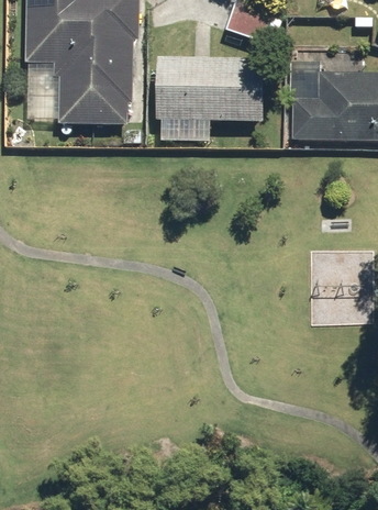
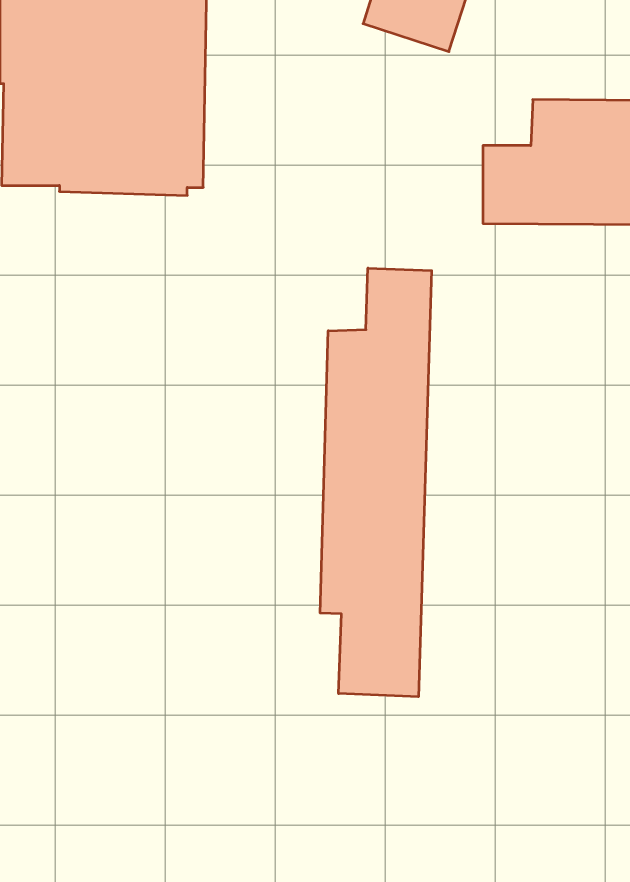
building: [155,55,265,141] -> none
building: none -> [320,268,432,697]

